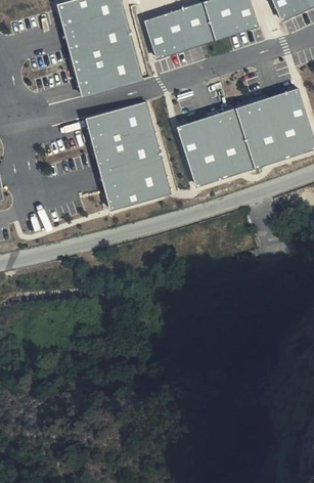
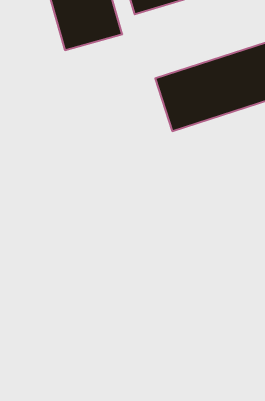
building: [84,101,170,210] -> none

